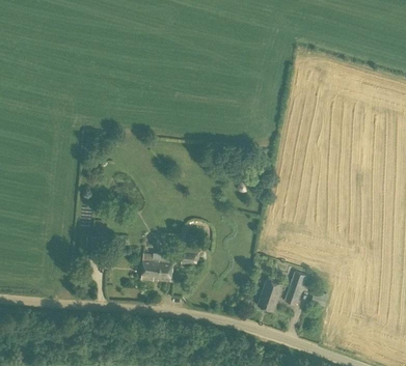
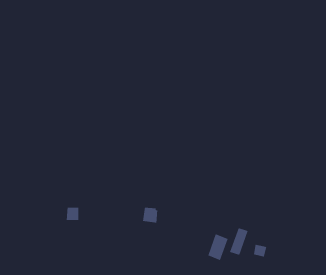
building: [141,254,172,282] -> none

